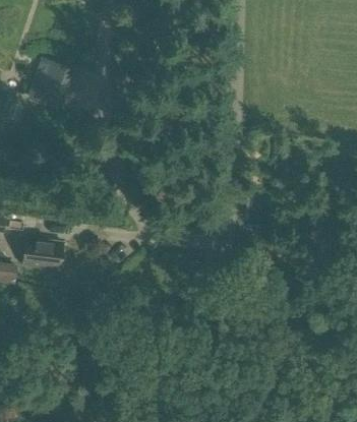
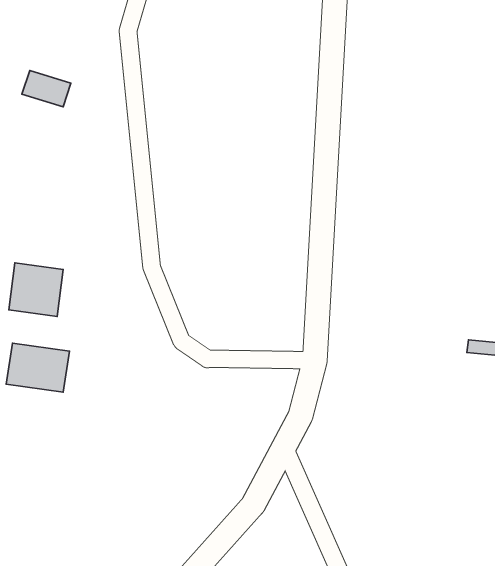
building: none -> [9,263,63,316]

